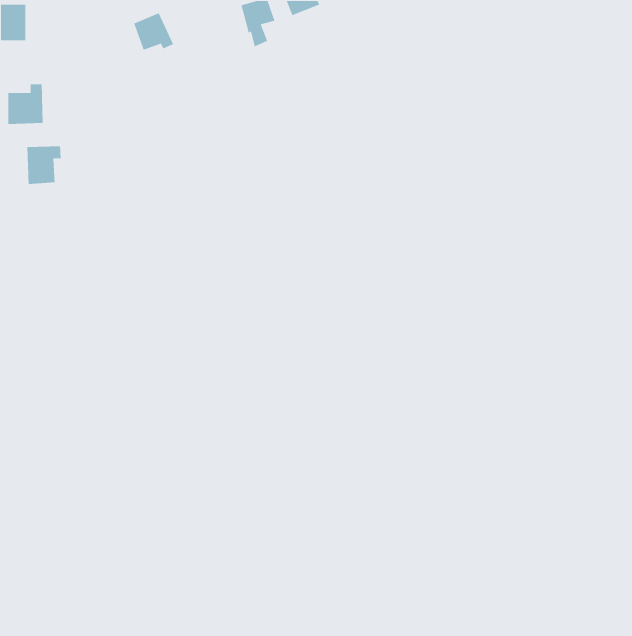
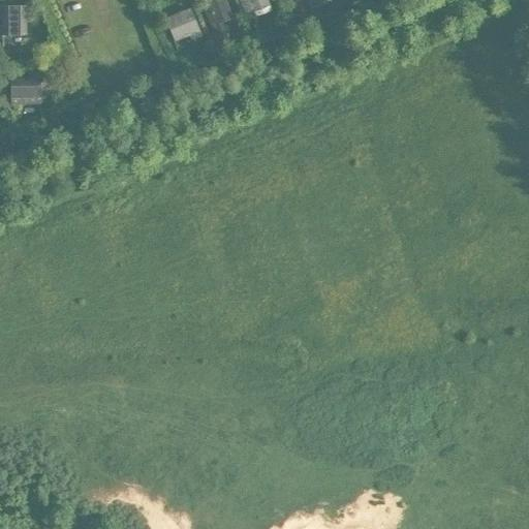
building: [133,12,174,51] -> [167,8,201,40]
building: [27,146,61,185] -> none

